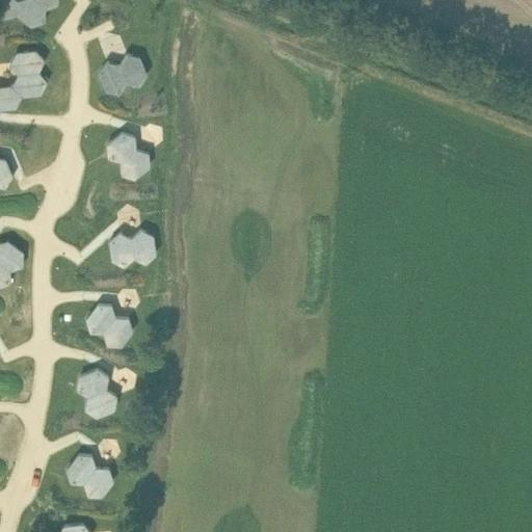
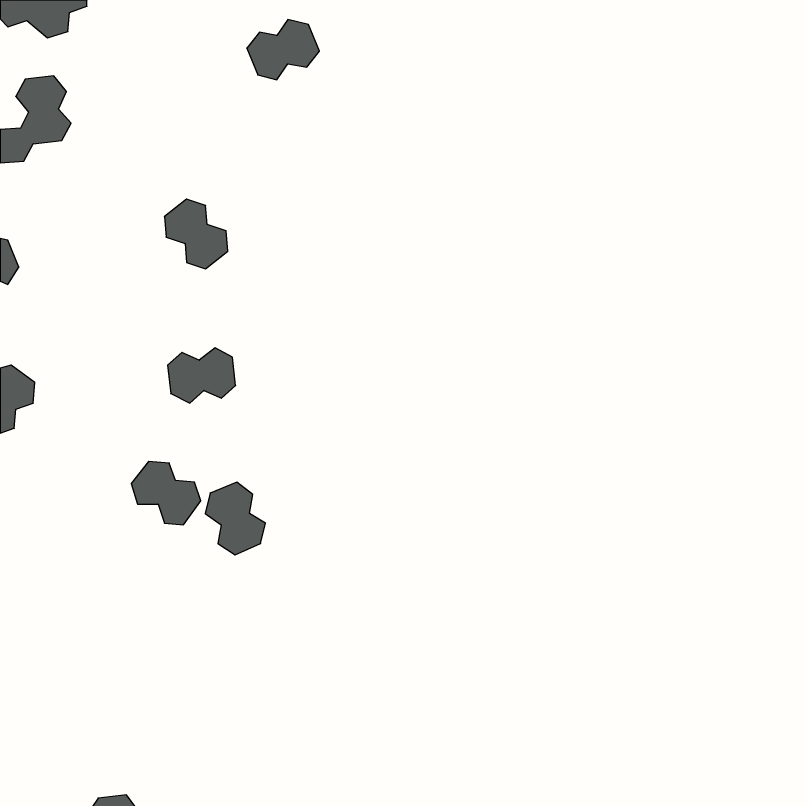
building: [100,56,148,96] -> [247,20,319,80]
building: [77,369,116,417] -> [205,482,265,555]
building: [68,455,113,496] -> none

